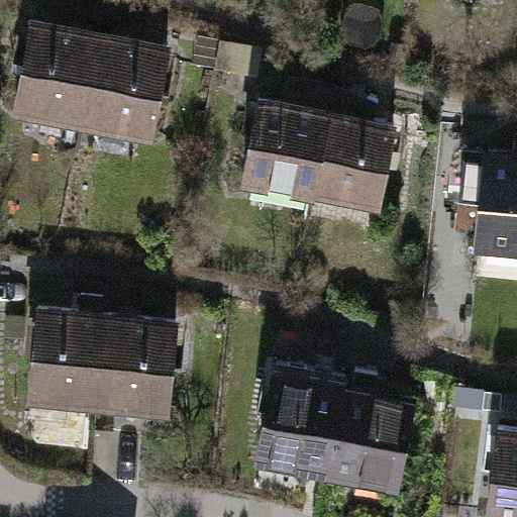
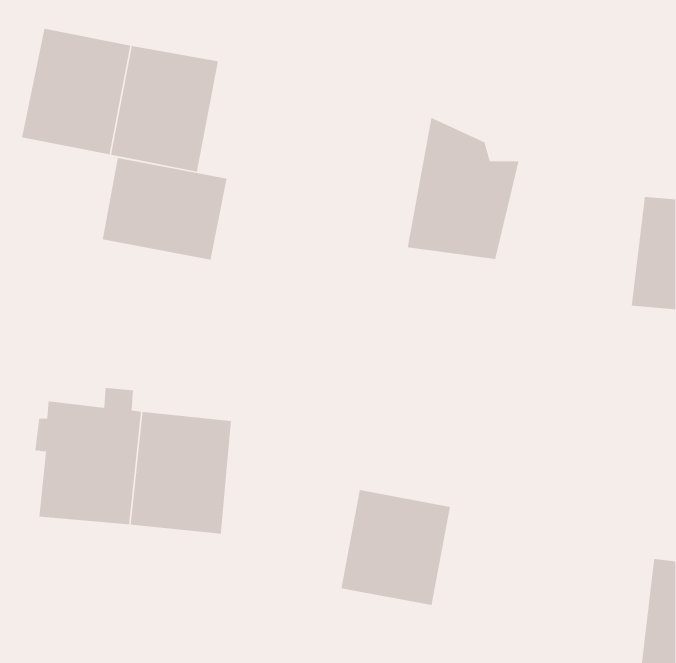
building: [243,92,328,200] -> none
building: none -> [102,157,228,260]
building: [329,397,411,486] -> none

